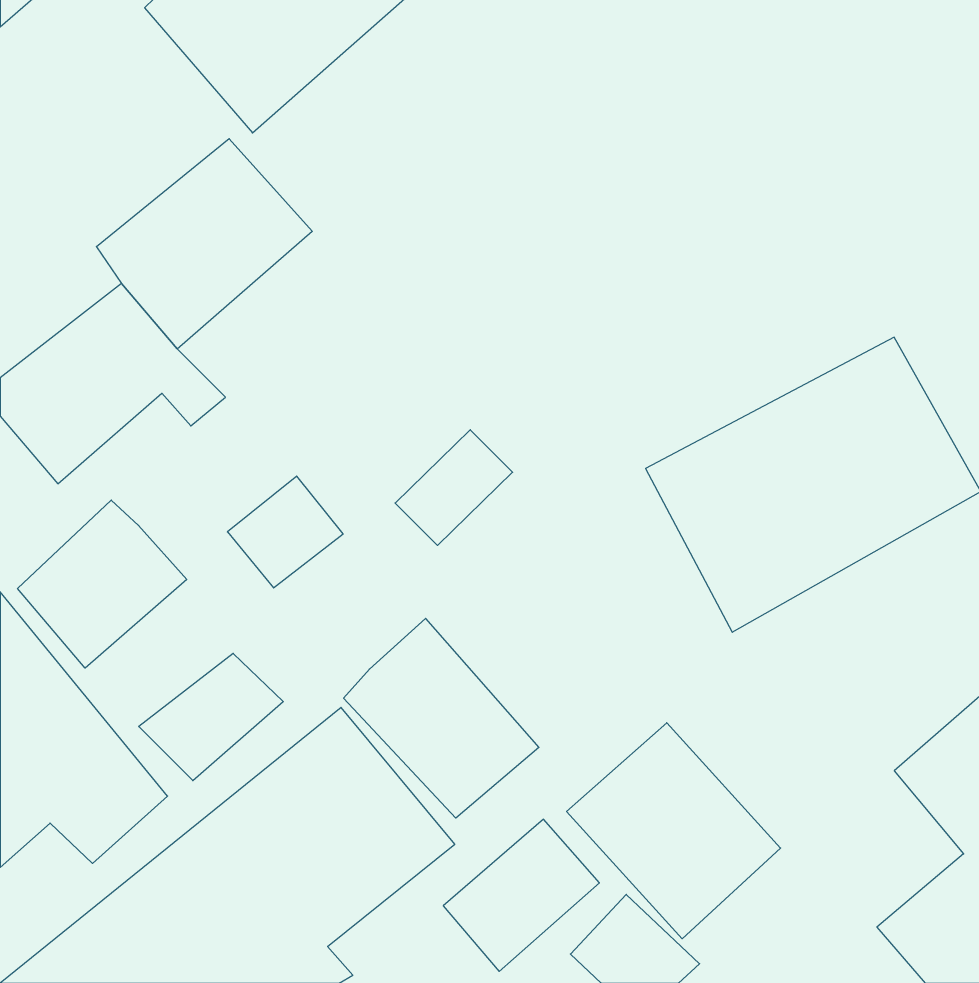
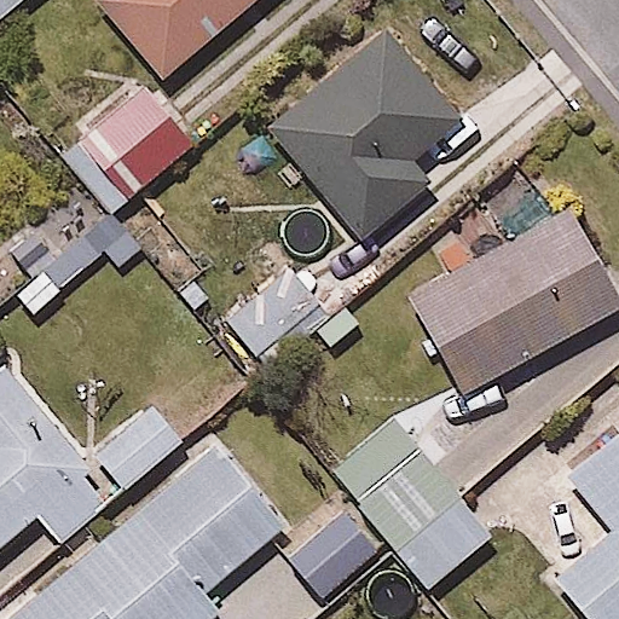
building: none -> [266,31,461,244]
building: [18,500,187,668] -> none
building: [344,618,539,818] -> none

